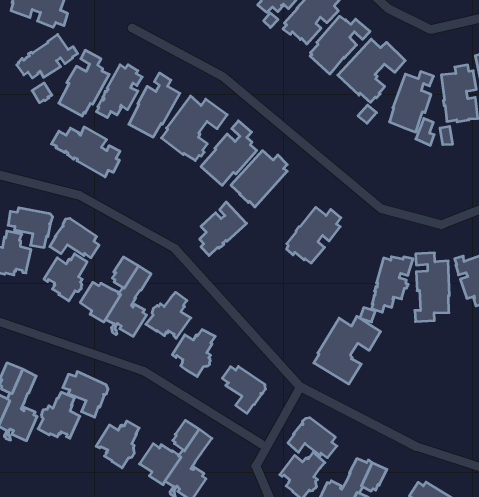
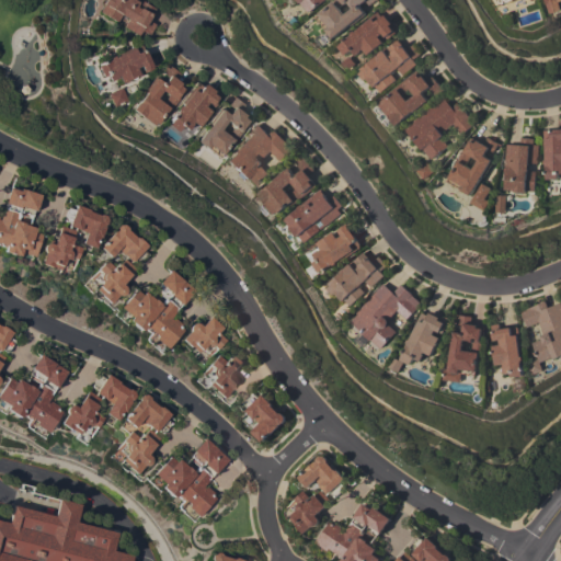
building: [51,127,120,177] -> none
building: [200,202,247,256] -> [314,222,363,272]
building: [314,316,381,384] -> [352,283,422,348]
building: none -> [122,394,170,434]

